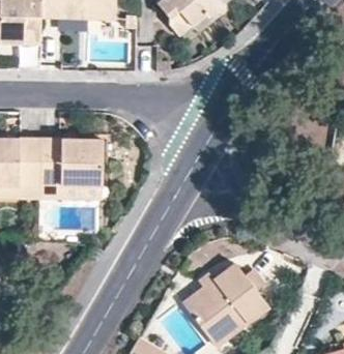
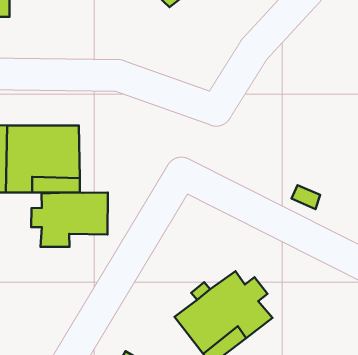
building: none -> [31,192,108,247]

